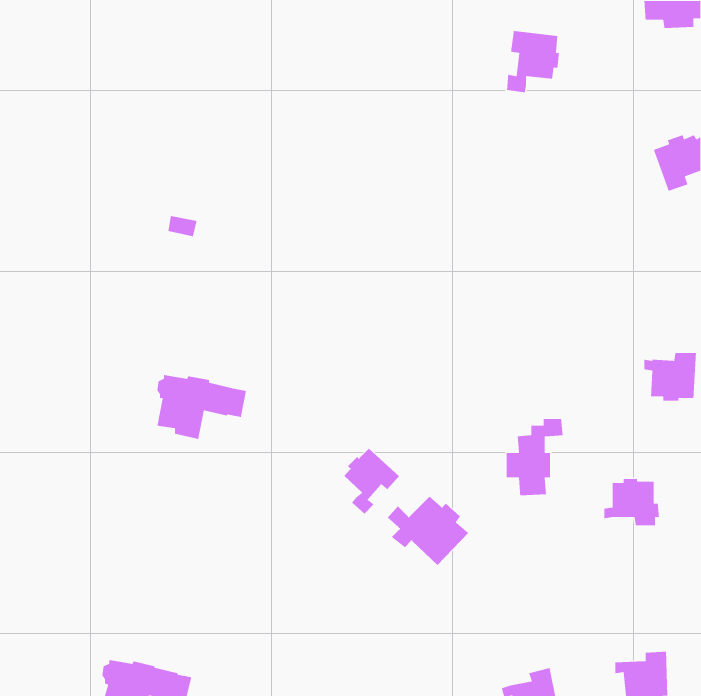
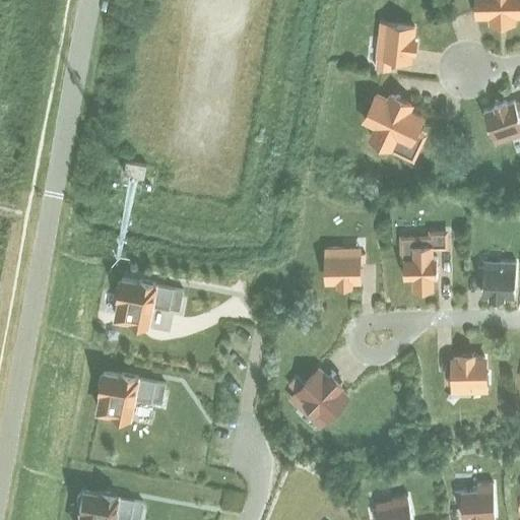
building: none -> [364,98,422,150]
building: none -> [326,250,365,285]
building: [506,418,563,496] -> [403,235,446,292]
building: [343,448,400,514] -> none
building: none -> [98,373,166,422]

